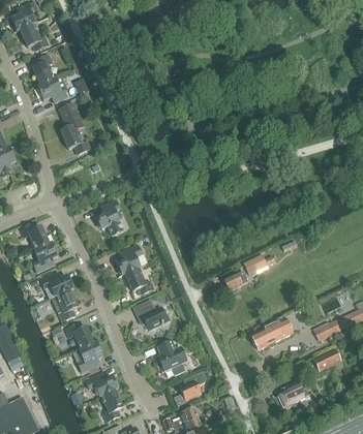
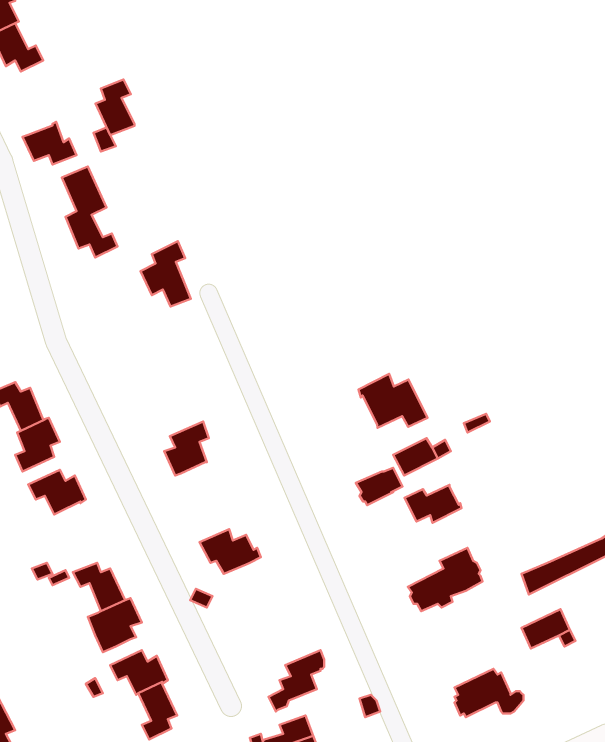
building: [32,54,54,85] -> [95,79,135,135]
building: [95,198,123,235] -> [141,241,191,306]
building: none -> [359,374,428,428]
building: [125,267,153,293] -> none
building: none -> [405,485,461,523]
building: [52,288,78,320] -> none
building: [158,340,187,375] -> none

